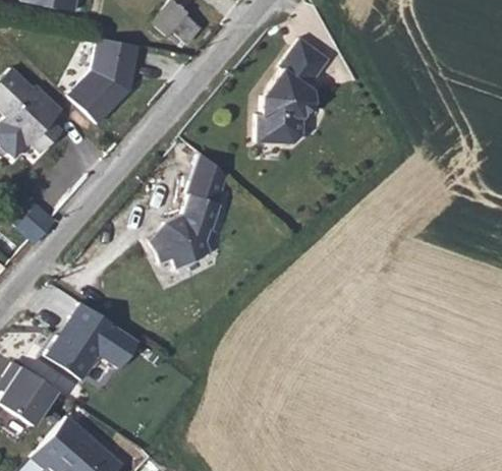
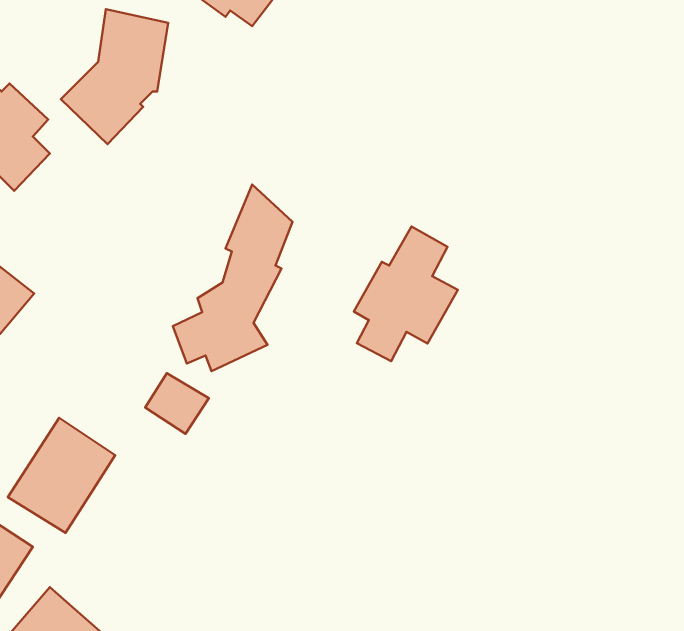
building: [258,34,335,140] -> none
building: none -> [354,227,458,361]
building: [94,326,135,365] -> [145,373,209,434]

